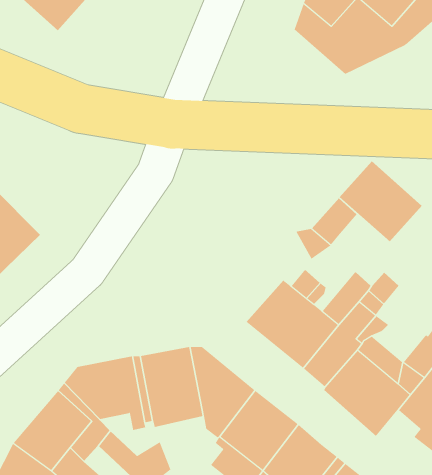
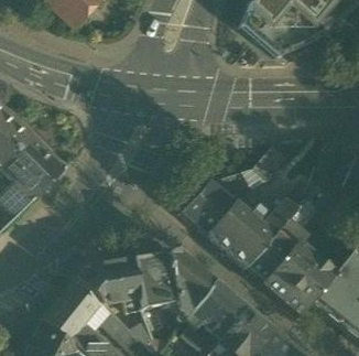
building: [339,161,423,242] -> none
building: none -> [183,181,236,233]

